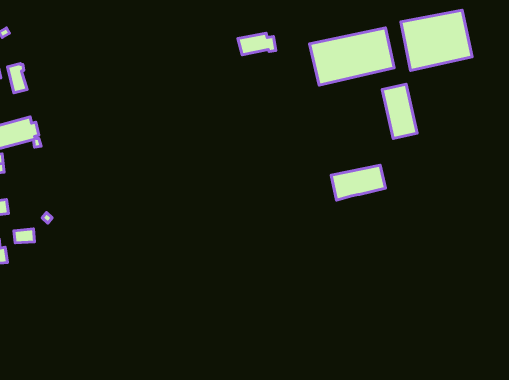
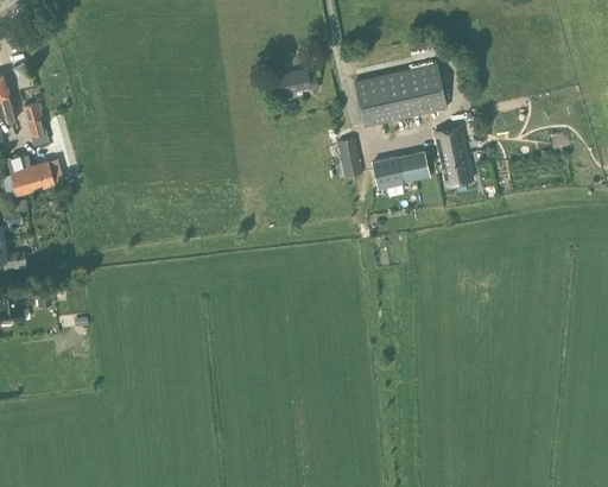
building: [401,10,472,70] -> none
building: none -> [337,137,361,175]
building: [331,165,385,200] -> [370,151,430,189]

